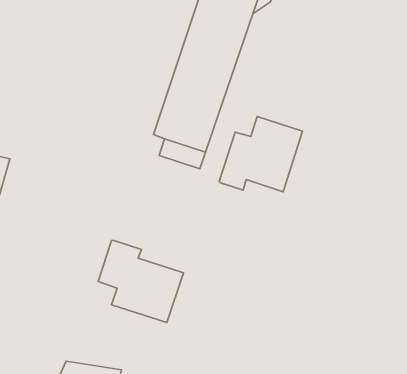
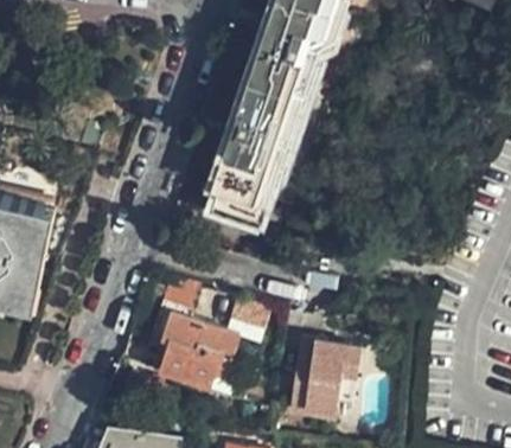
building: [219,116,302,192] -> none
building: none -> [292,339,345,416]

